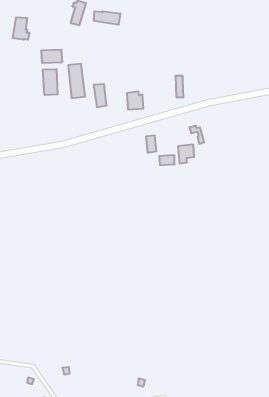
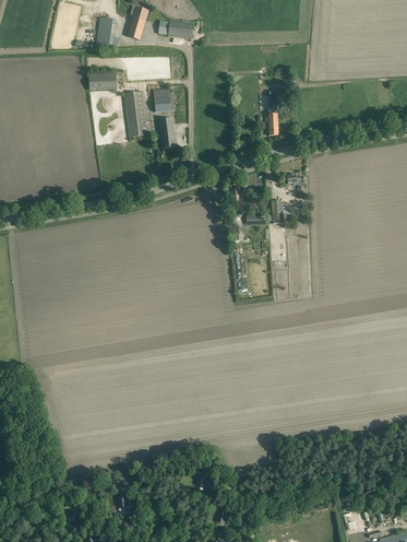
building: [13,17,30,40] -> [96,17,119,47]
building: [43,69,57,95] -> none
building: [127,91,143,109] -> [154,87,176,111]

